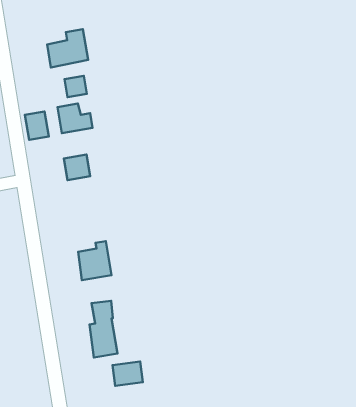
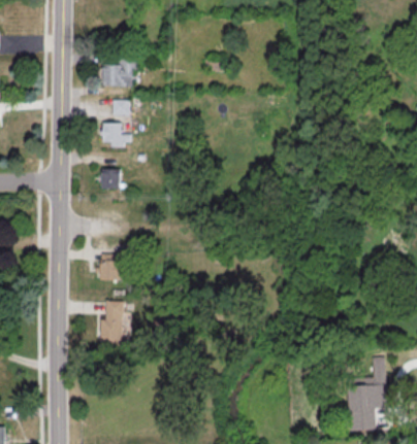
building: [25,112,49,140] -> none
building: [112,362,143,386] -> none

